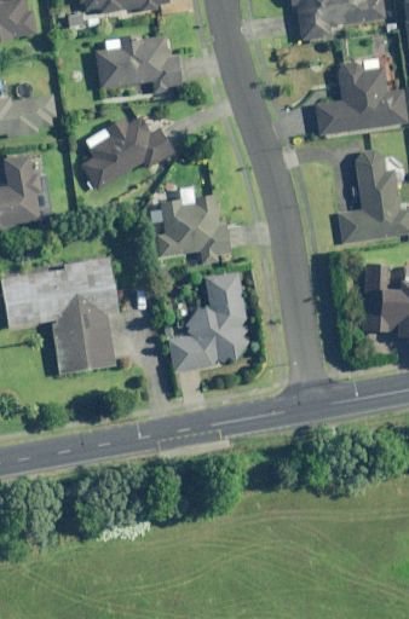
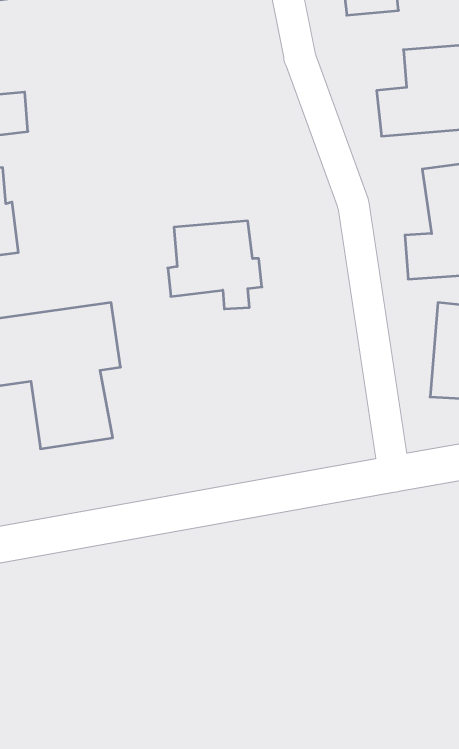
building: [97,34,180,87] -> none
building: [79,115,169,186] -> none
building: [166,270,246,370] -> none

